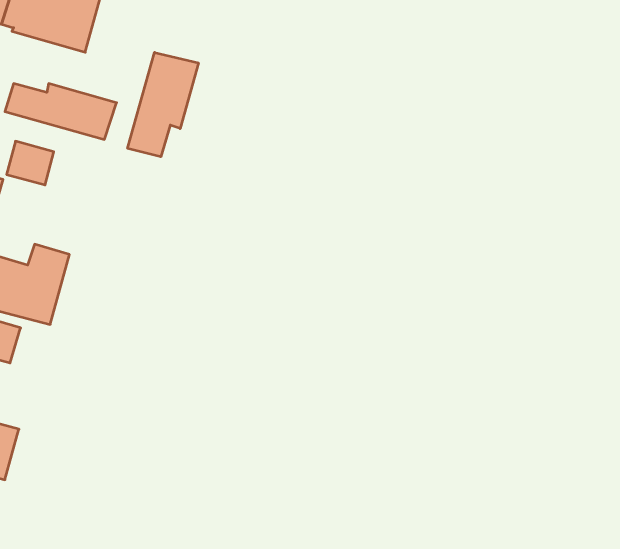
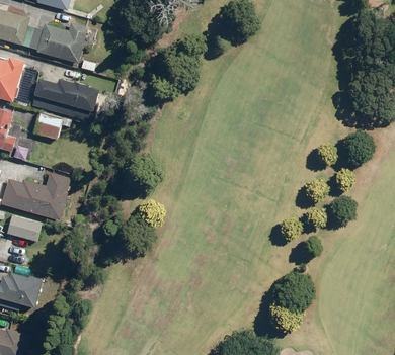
building: [128,52,198,157] -> none

